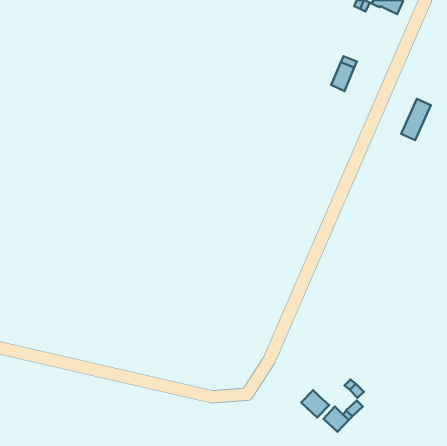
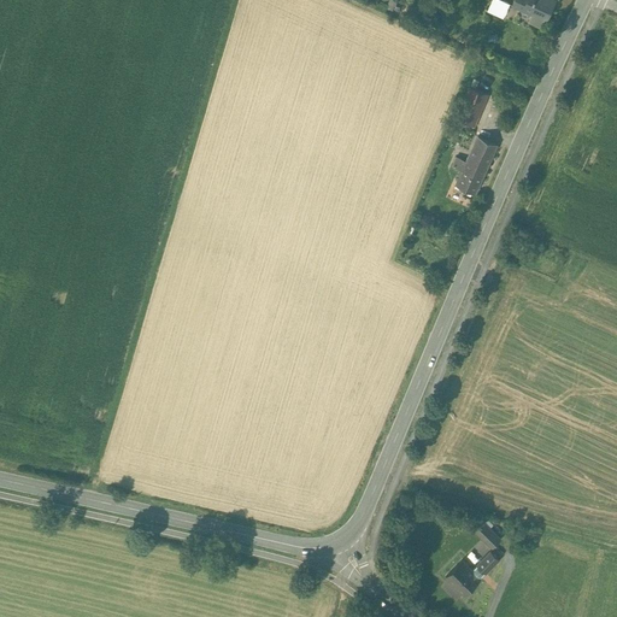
building: [401,99,431,140] -> [456,137,496,194]
building: [301,390,329,418] -> none

